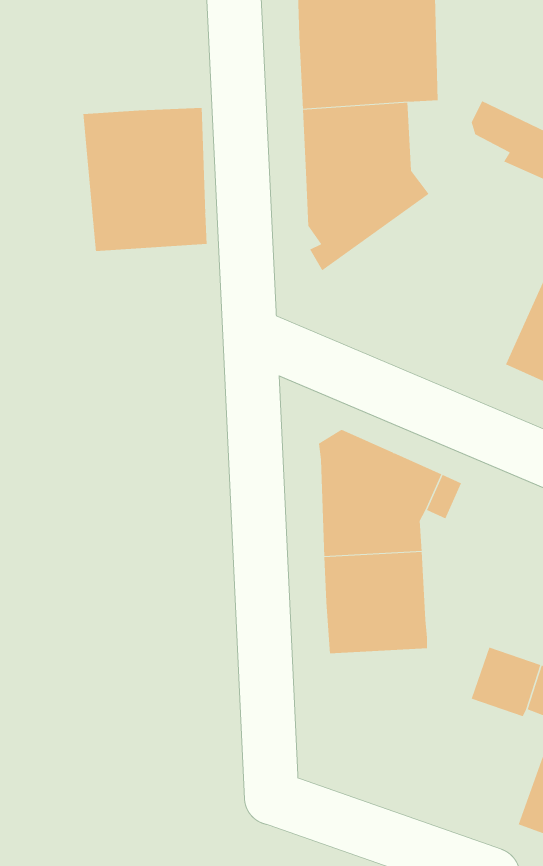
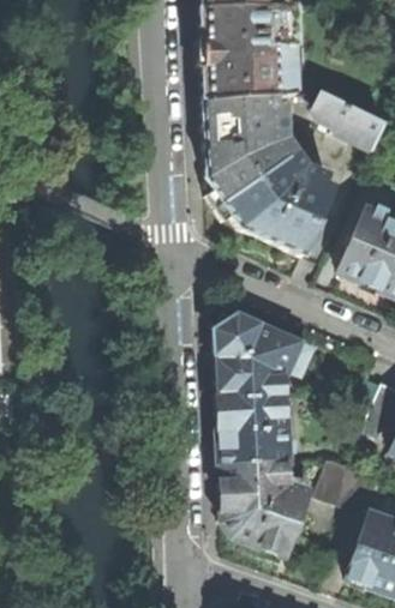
building: [83,107,207,252] -> none
building: none -> [216,155,333,253]
building: none -> [221,458,309,553]

